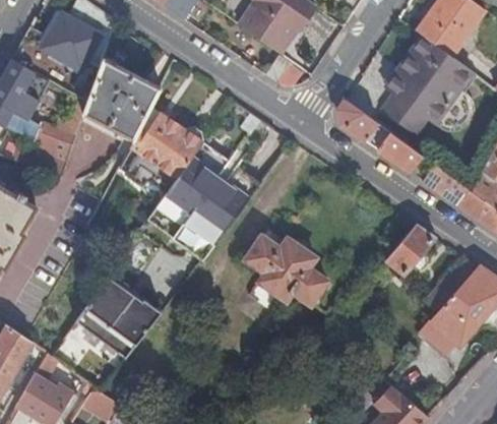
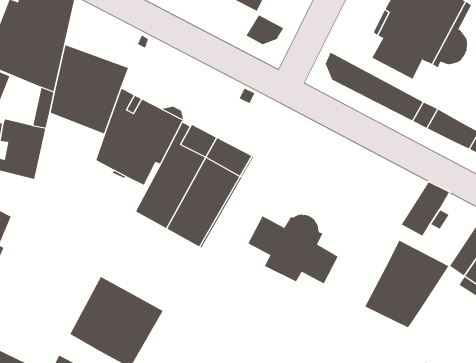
building: none -> [365,240,449,328]

